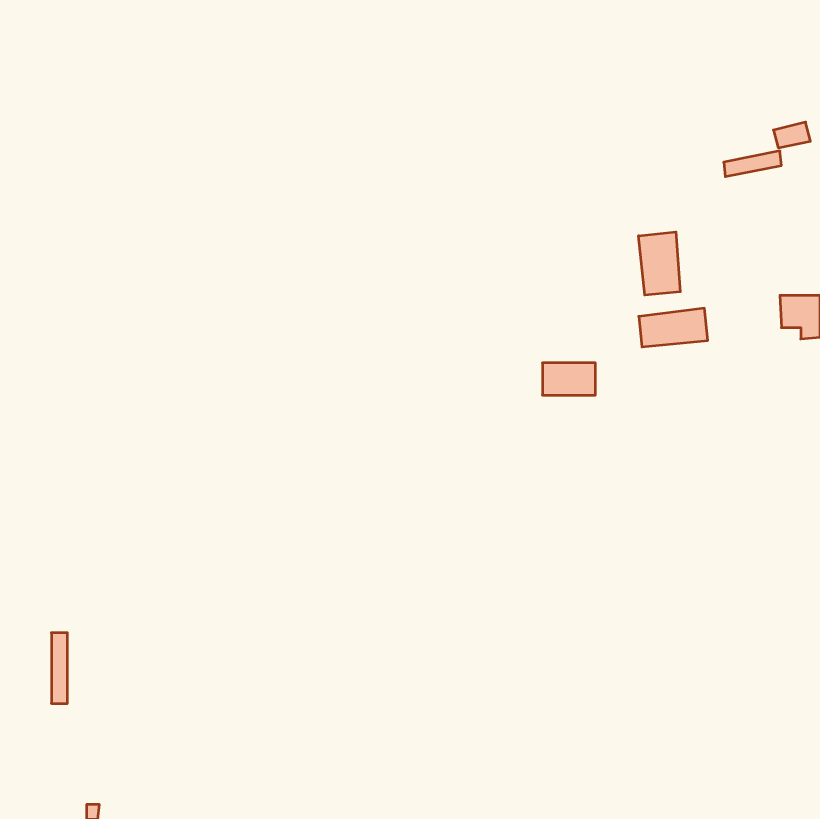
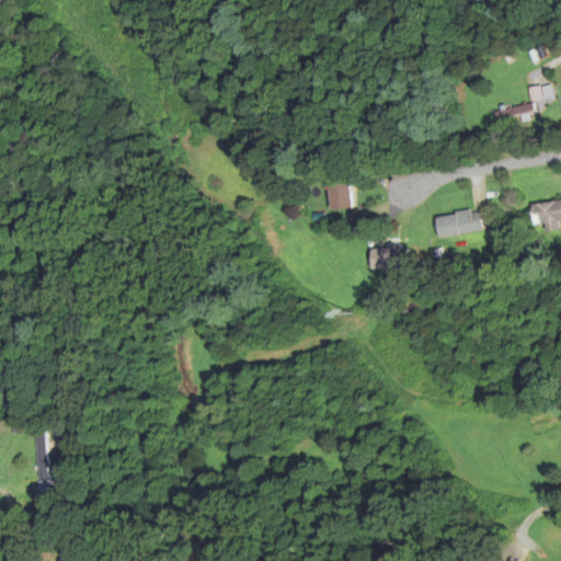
building: [639,232,680,295] -> none
building: none -> [328,180,351,209]

